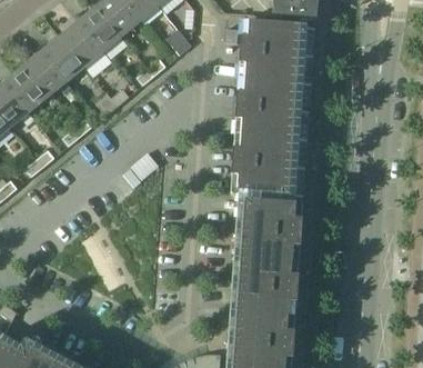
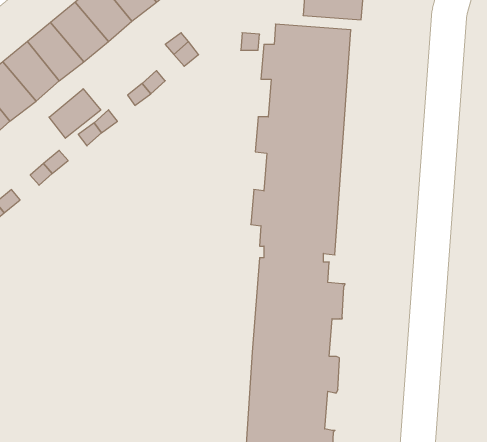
building: none -> [49,89,101,138]

